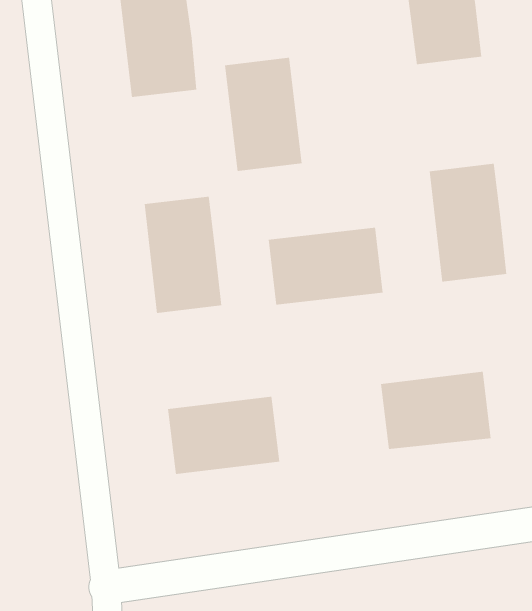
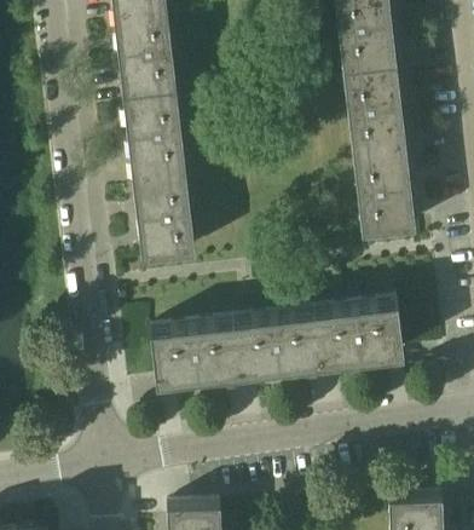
building: none -> [345,58,405,146]
building: [224,57,302,171] -> [125,83,185,172]
building: [268,227,384,305] -> [233,311,323,371]

